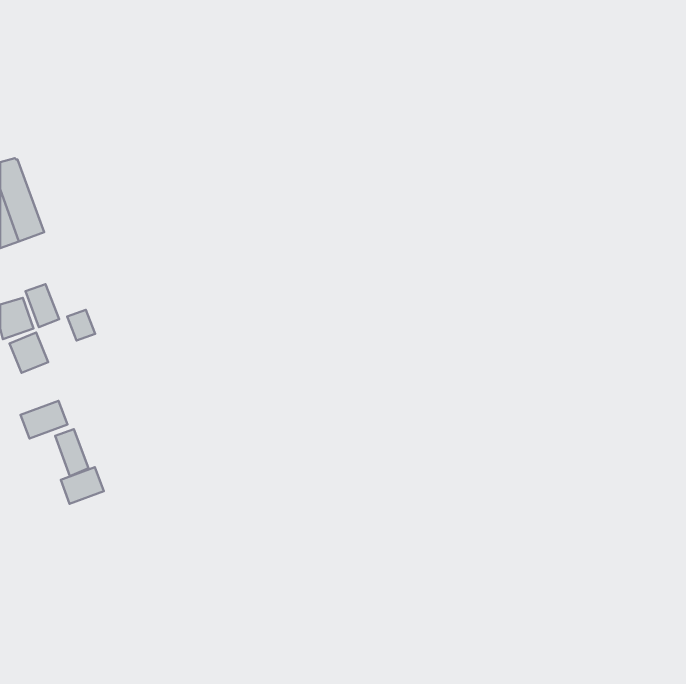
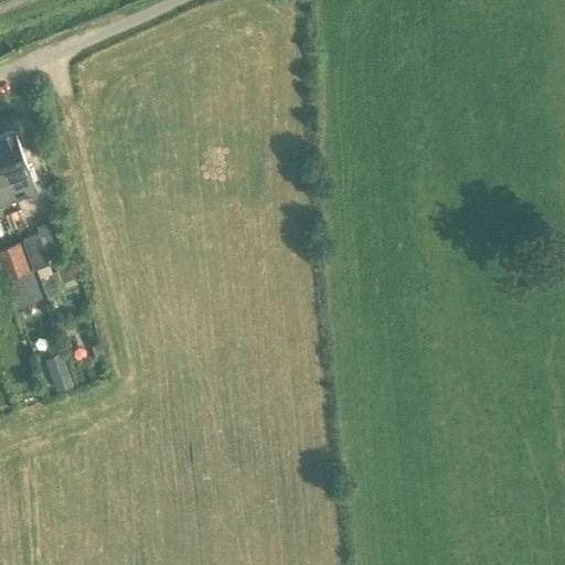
building: [20,401,67,438] -> none
building: [61,467,104,504] -> none

